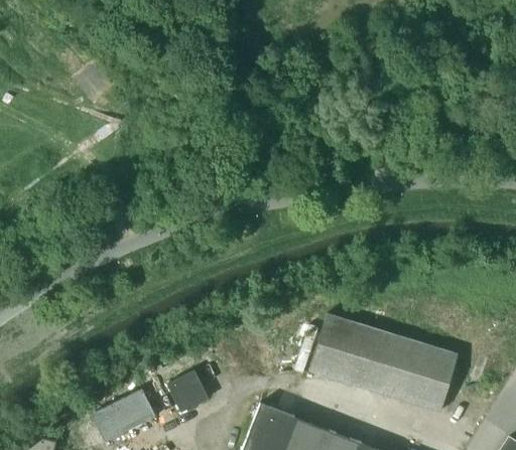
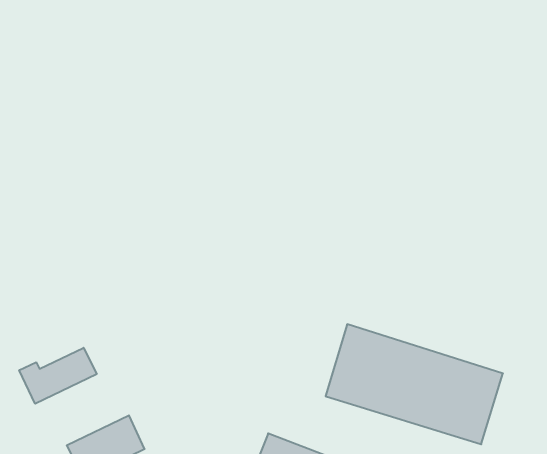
building: none -> [19,348,97,404]
building: [165,369,208,412] -> none

